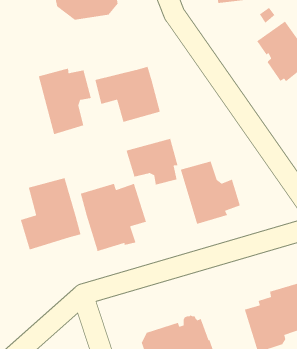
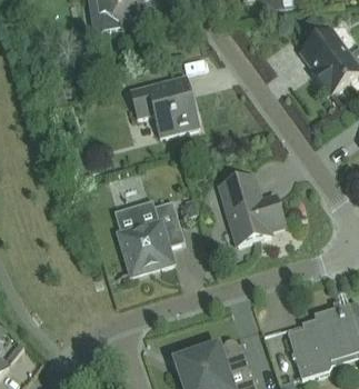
building: [38,68,92,135] -> none
building: [126,138,178,186] -> none
building: [20,177,81,250] -> none

